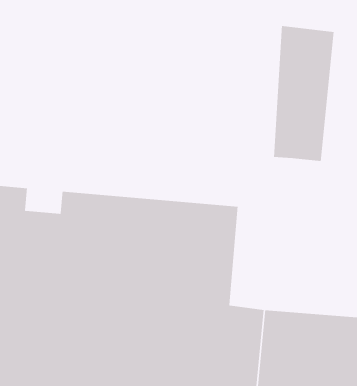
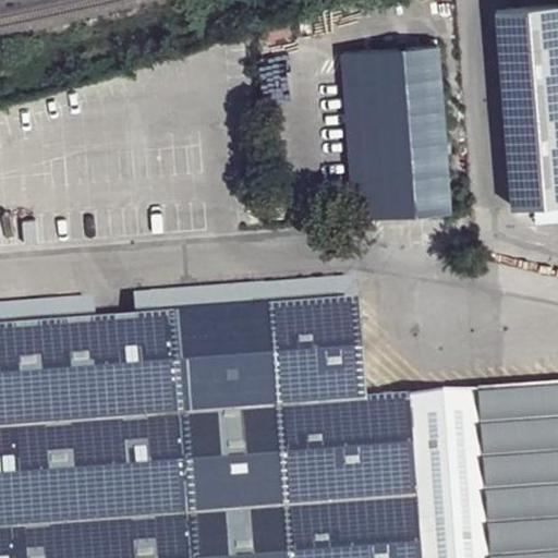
building: none -> [347,51,388,220]

